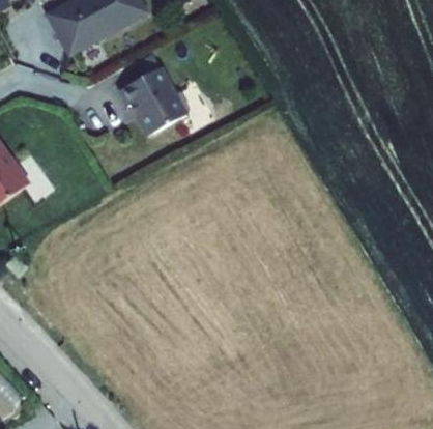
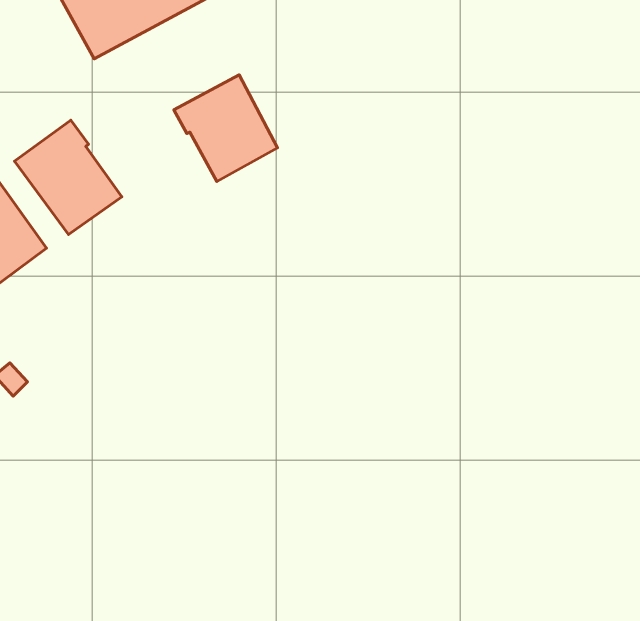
building: none -> [14,120,122,234]

